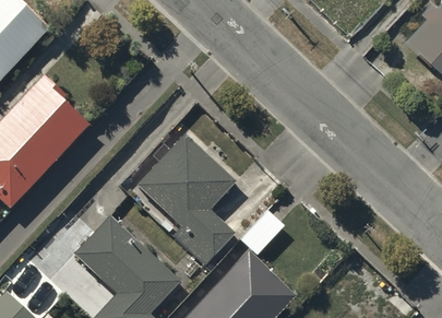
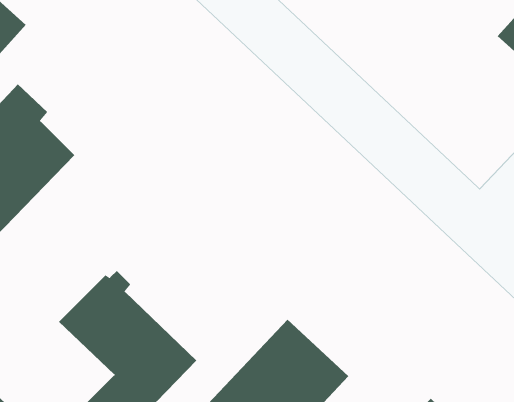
building: [136,132,238,269] -> none

